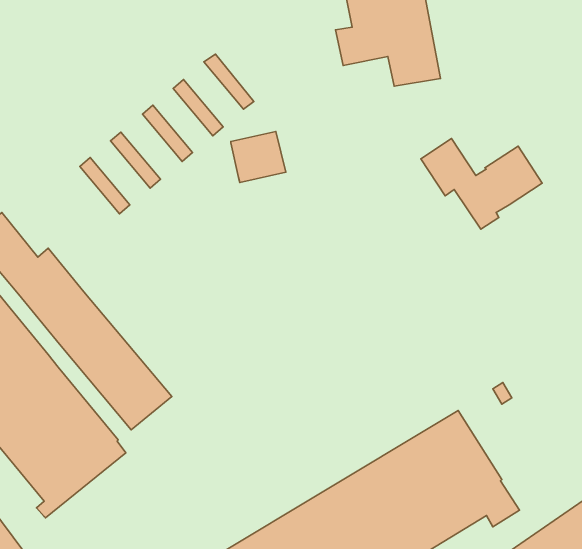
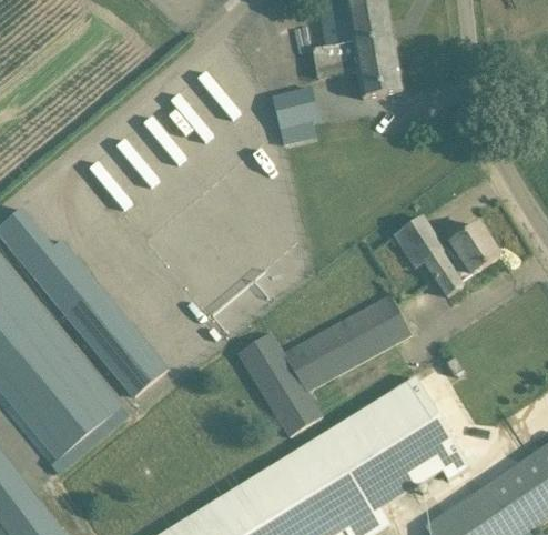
building: [231,131,286,182] -> [272,88,319,132]
building: [421,138,542,229] -> [395,216,500,295]
building: none -> [235,294,412,437]

